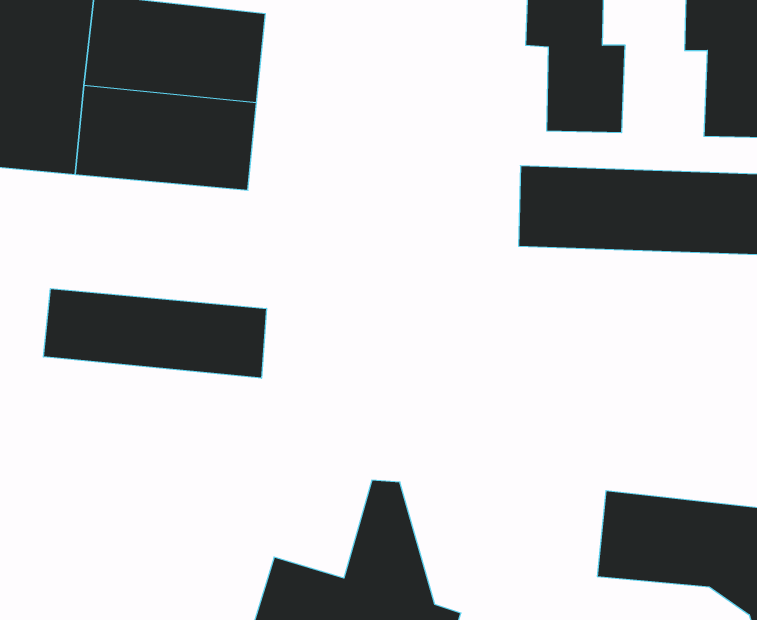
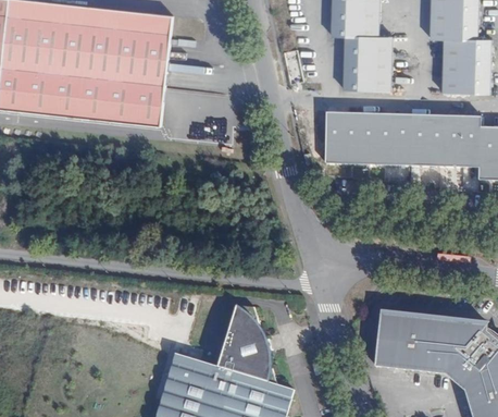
building: [43,289,267,378] -> none

